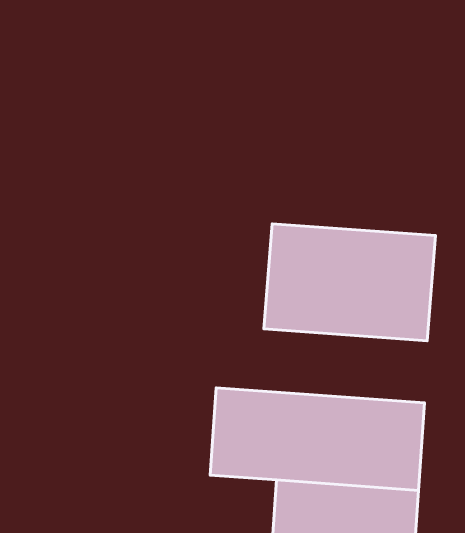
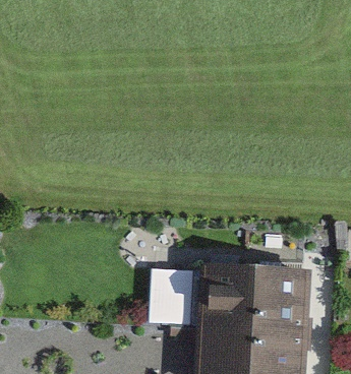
building: [264,224,436,341] -> none

